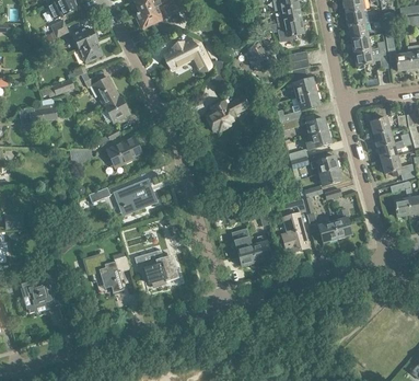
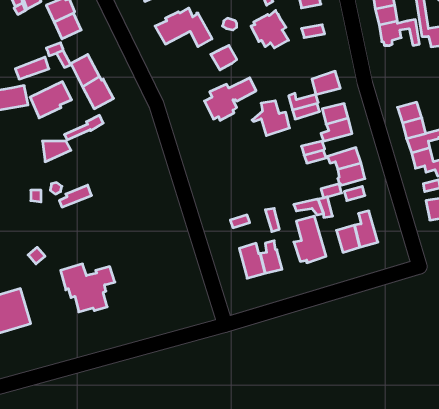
building: [284,67,316,96] -> [252,101,290,136]
building: [106,137,141,168] -> [30,82,72,118]
building: [114,178,156,210] -> none
building: [135,250,178,285] -> none

